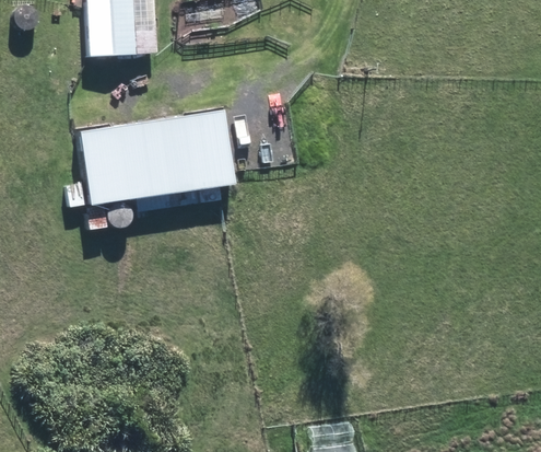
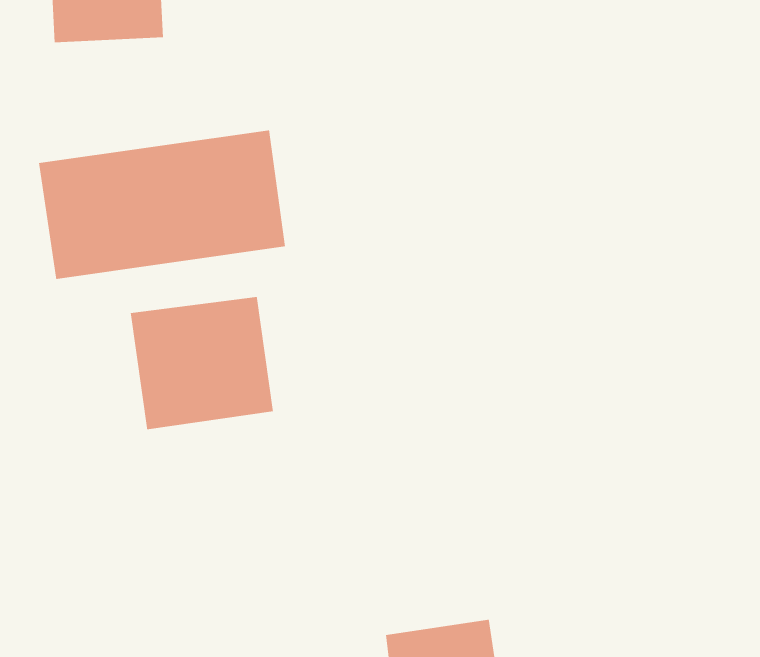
building: none -> [130,296,274,430]

